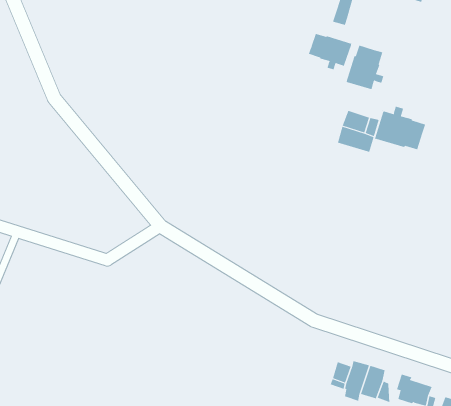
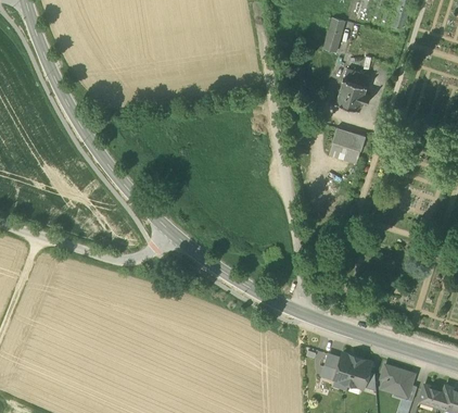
building: [308,33,352,70] -> none
building: [374,106,426,150] -> none

